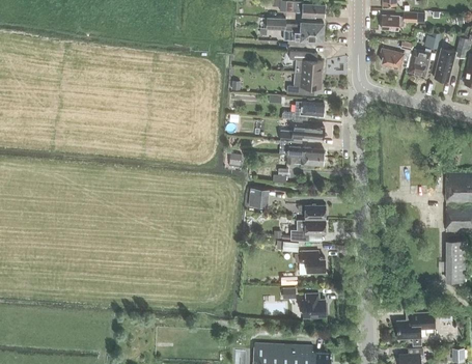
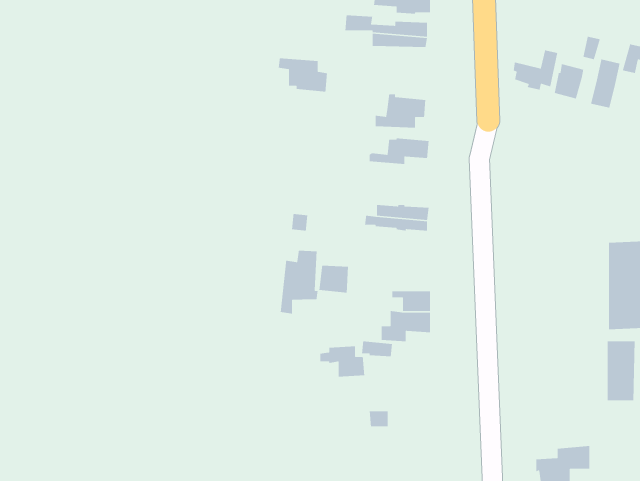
building: [381,11,424,31] -> none
building: [288,51,323,75] -> [278,58,328,93]
building: [279,123,324,142] -> none
building: none -> [280,250,319,314]
building: [295,249,326,271] -> [320,346,365,377]
building: [302,292,327,316] -> none

